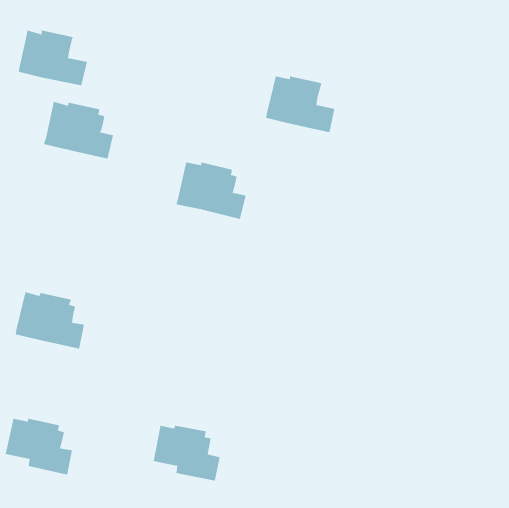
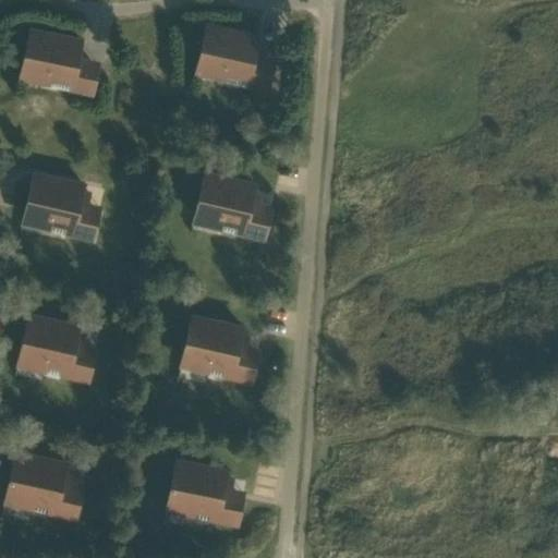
building: [265,76,335,133] -> [196,31,272,93]
building: [43,101,114,159] -> [22,179,99,242]
building: none -> [181,322,257,385]

